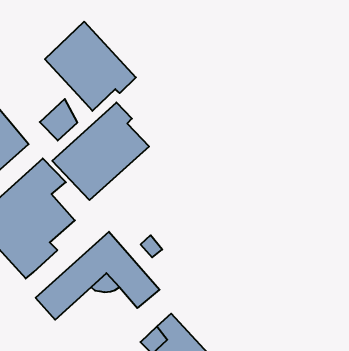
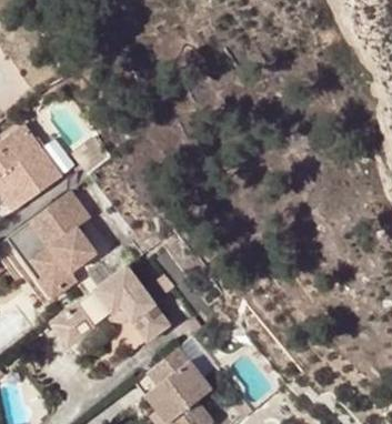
building: [45,22,136,111] -> none
building: [52,102,149,200] -> none

